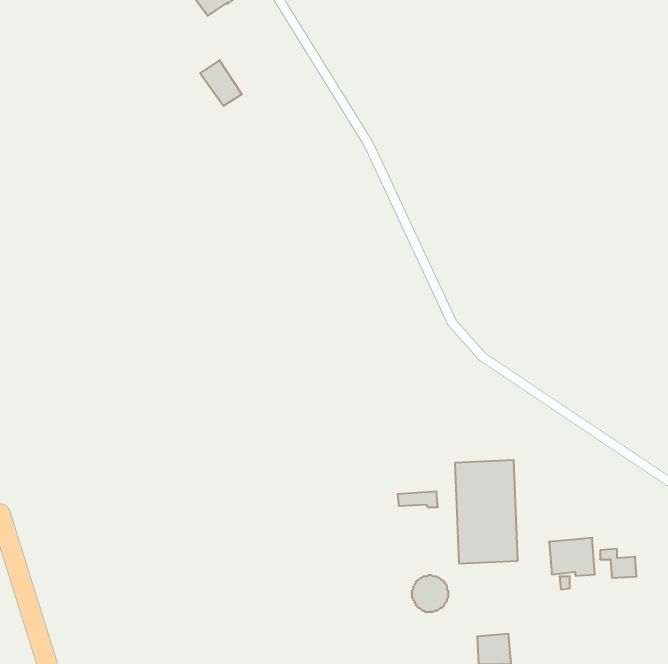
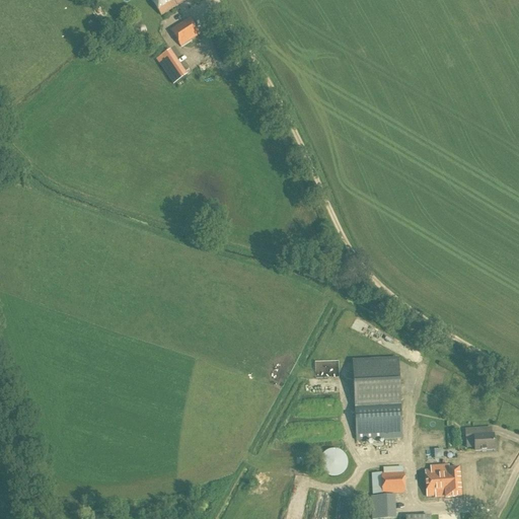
building: none -> [170,15,200,44]
building: [549,538,595,576] -> [425,465,460,495]
building: none -> [372,469,404,492]

